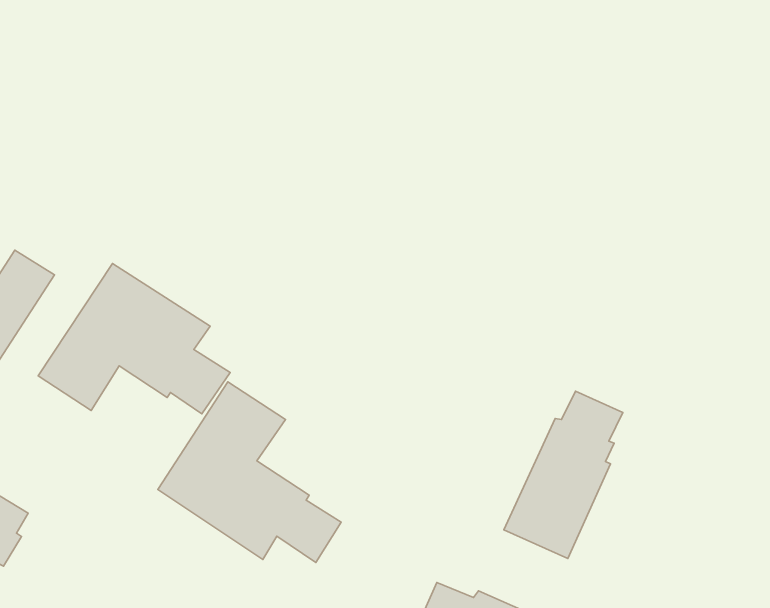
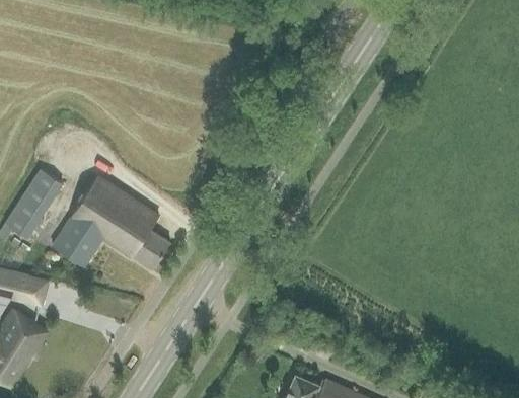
building: [158,382,341,562] -> none
building: [504,391,623,559] -> none

